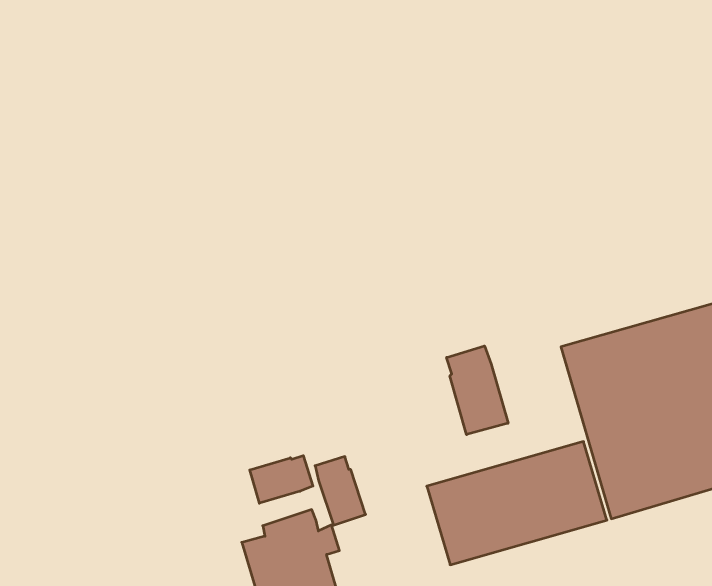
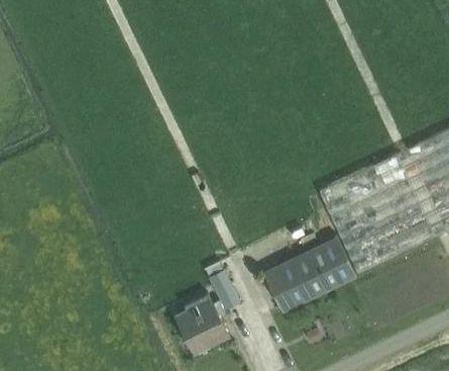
building: [447,346,508,435] -> none
building: [250,456,313,503] -> none

